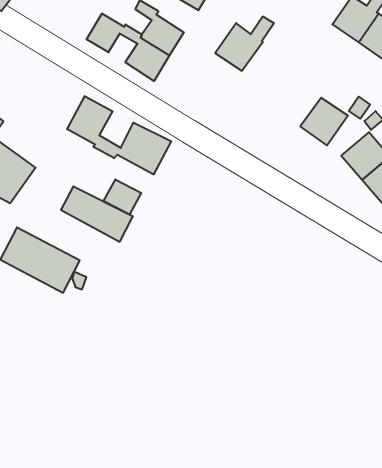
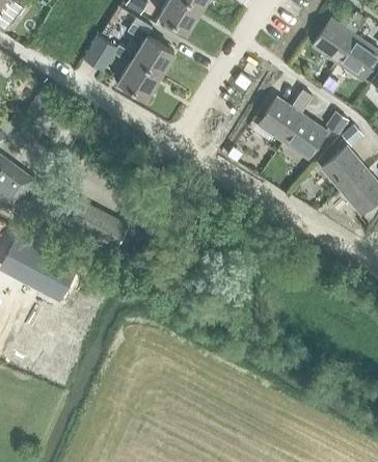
building: [215,17,274,71] -> [258,90,313,141]
building: [67,96,171,174] -> none
building: [104,179,141,215] -> none

